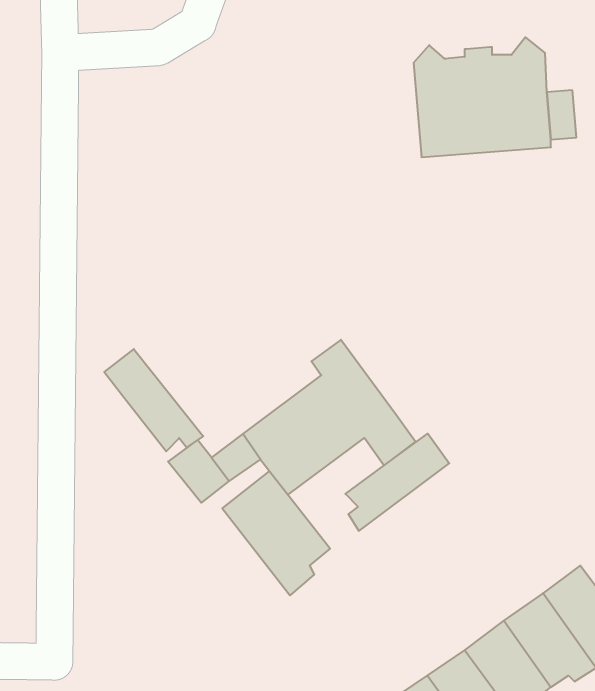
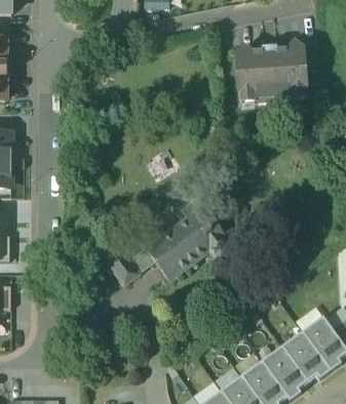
building: [104,349,203,451] -> none
building: [345,434,449,531] -> none
building: [222,471,330,595] -> none

